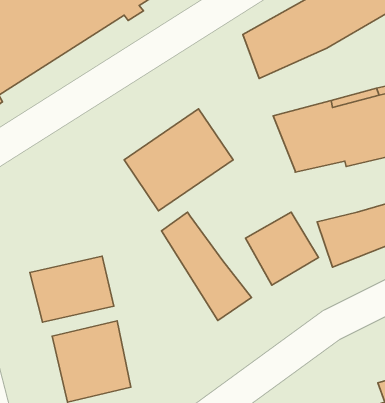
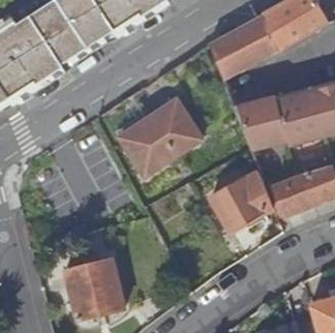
building: [162,212,252,321] -> none
building: [30,256,114,322] -> none

